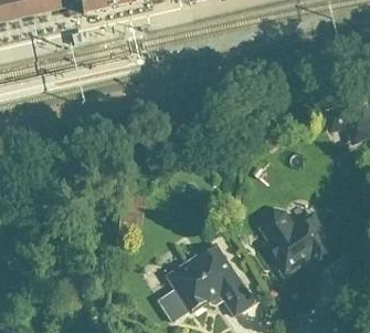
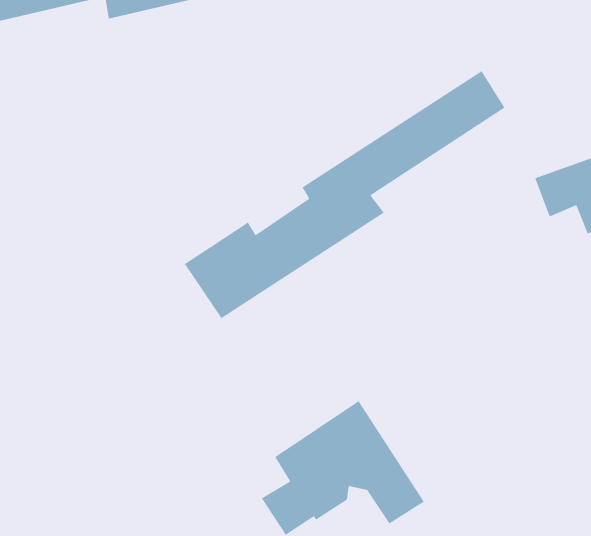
building: none -> [184,70,506,319]
building: [262,208,339,271] -> none

